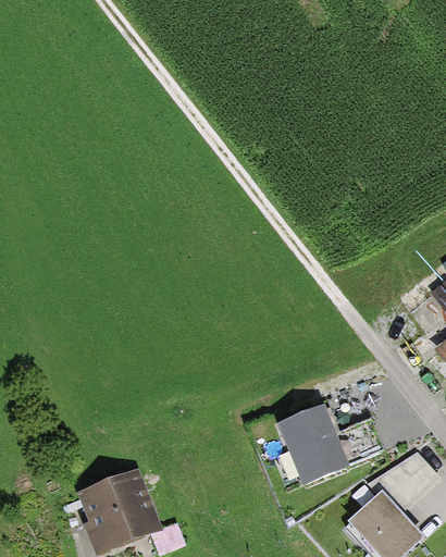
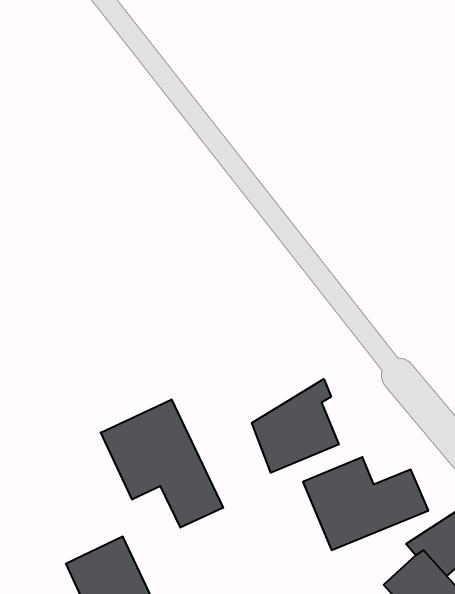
building: none -> [252,379,339,473]
building: none -> [101,399,223,528]

